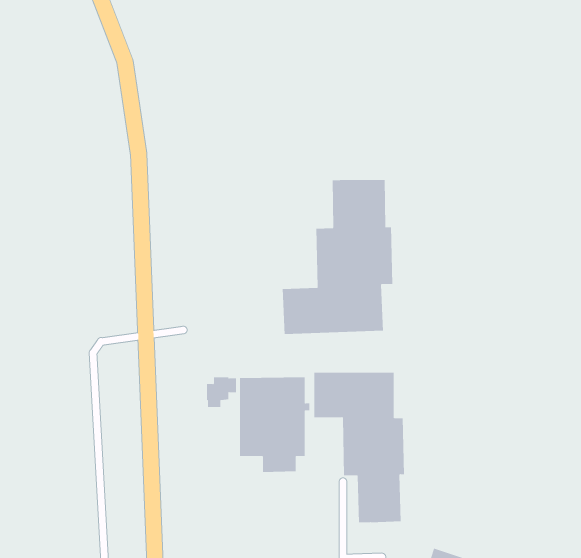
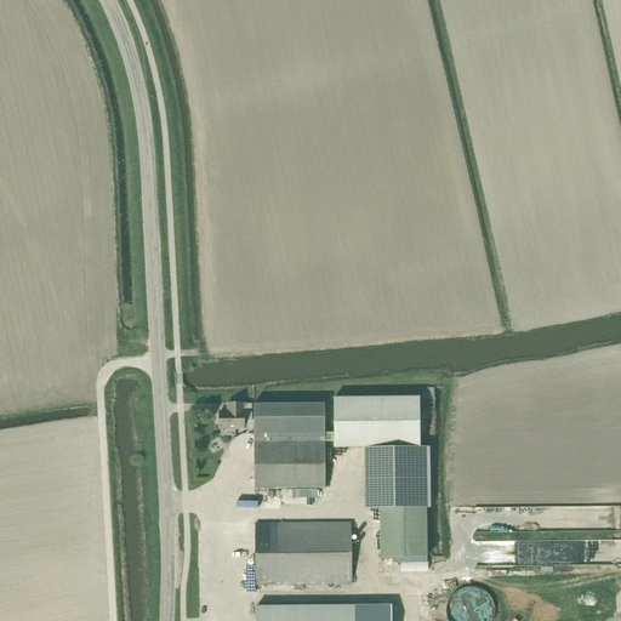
building: [282,179,393,335] -> none
building: none -> [256,522,352,583]

